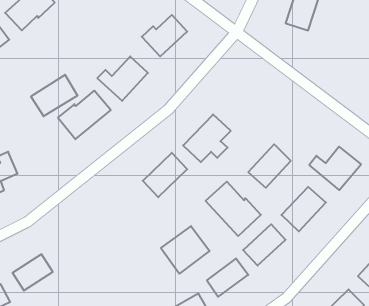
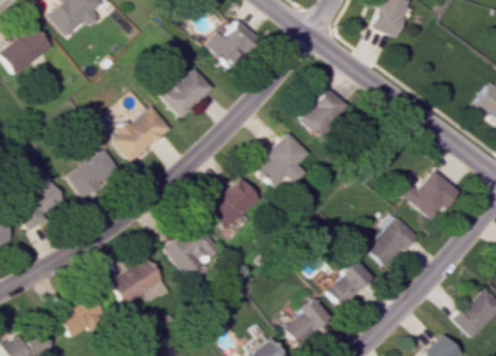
building: [31,75,78,116] -> [67,149,120,197]
building: [248,144,291,188] -> [300,87,349,137]
building: [206,182,261,236] -> none
building: none -> [108,257,162,305]
building: [161,226,210,274] -> [162,222,218,277]

